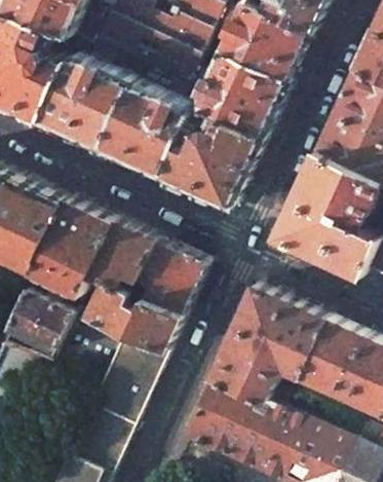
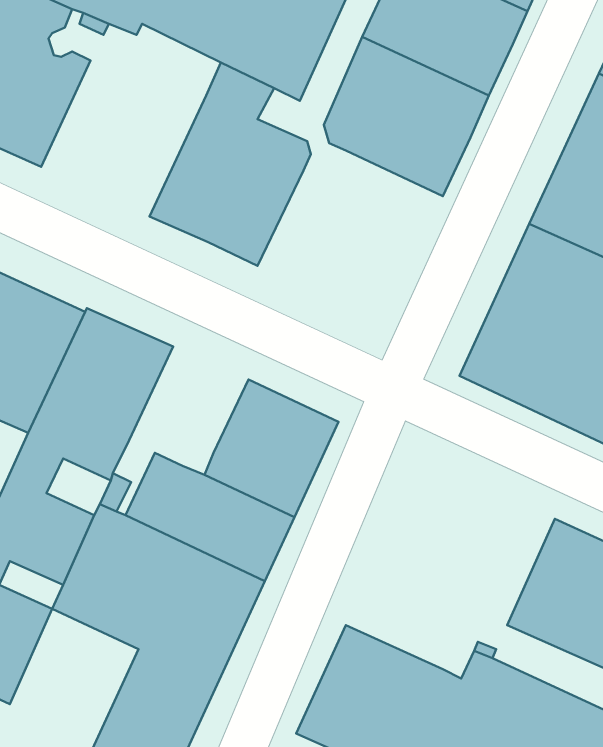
building: [38,58,130,151] -> none
building: [159,114,263,211] -> none
building: [87,224,154,291] -> none
building: [208,288,325,405] -> none

